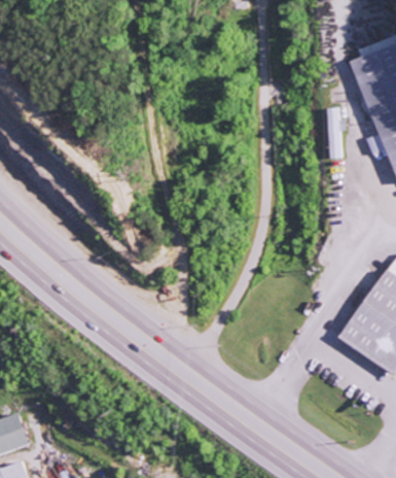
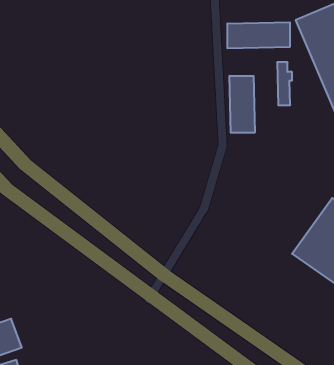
building: none -> [227,22,290,48]
building: none -> [230,76,255,133]

